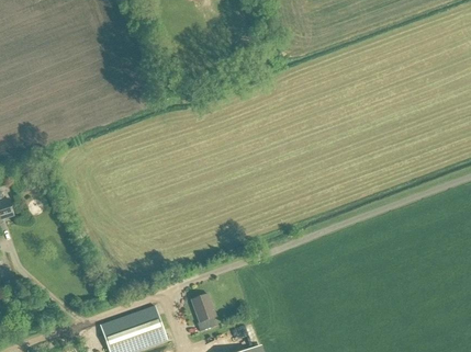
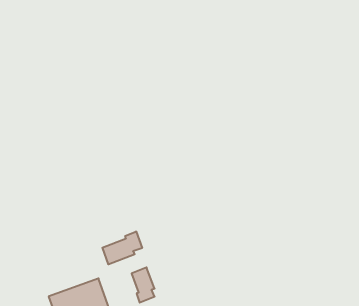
building: none -> [102,231,142,264]

